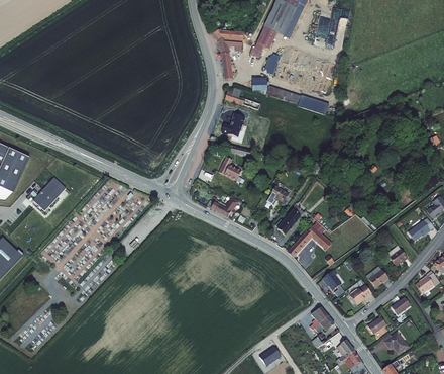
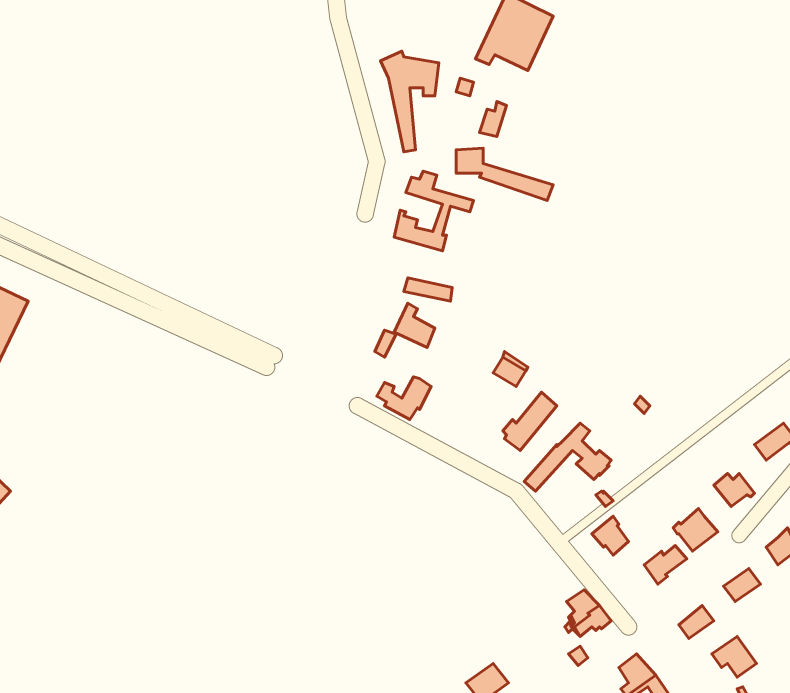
building: [33,177,67,210] -> none

